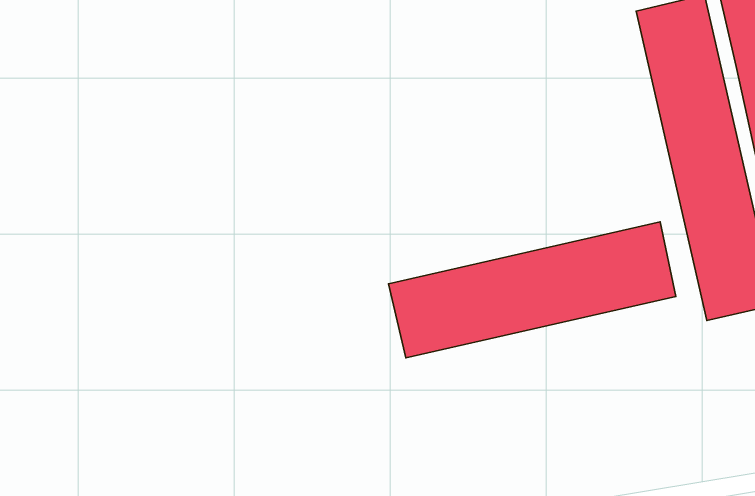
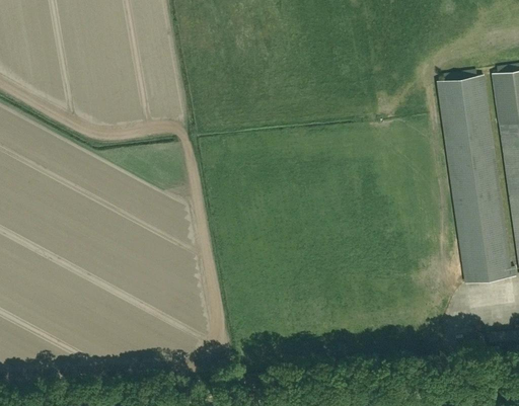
building: [389,222,676,358] -> none

